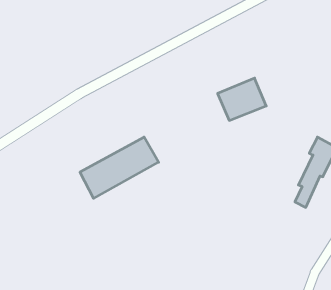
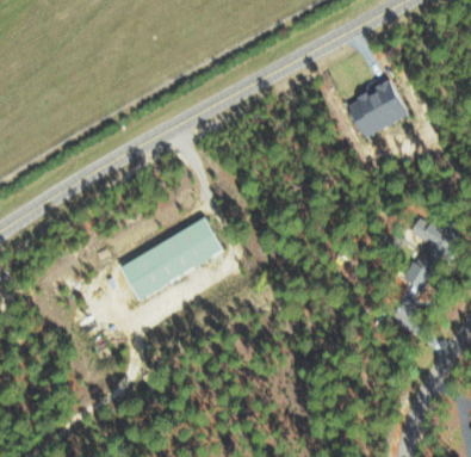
building: [218,78,266,120] -> [346,80,410,136]

